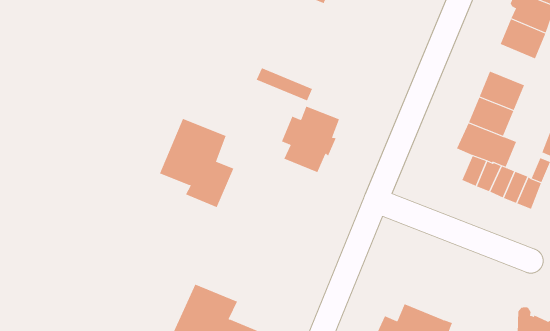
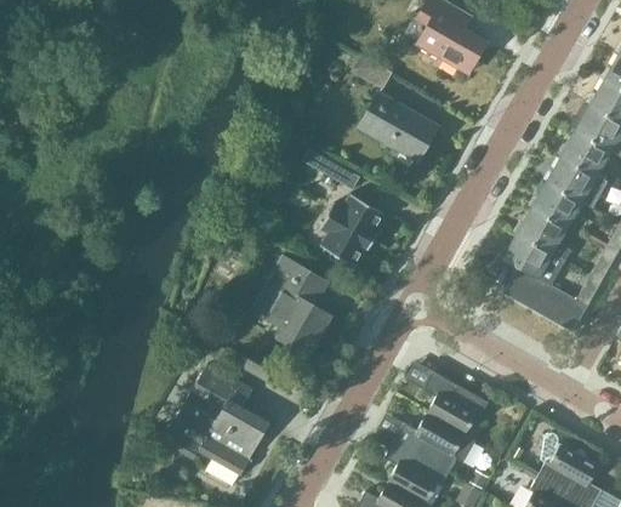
building: none -> [359,92,439,161]
building: none -> [547,155,597,201]
building: [159,118,234,208] -> [252,258,331,357]
building: none -> [423,371,489,435]

